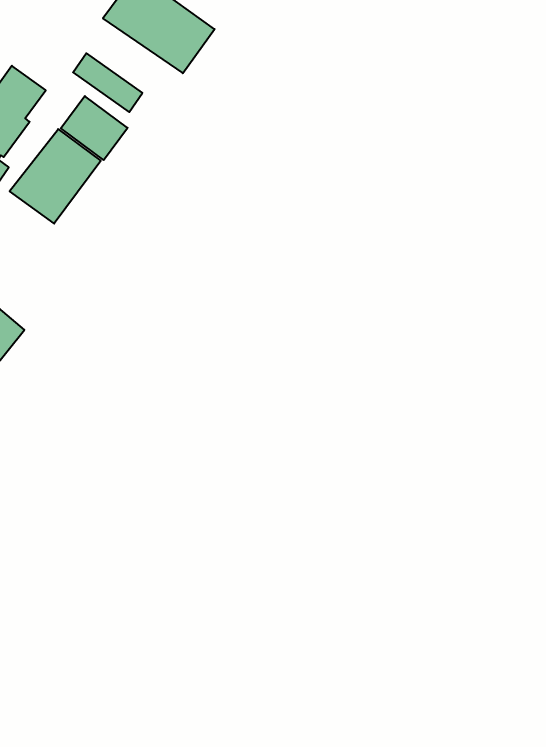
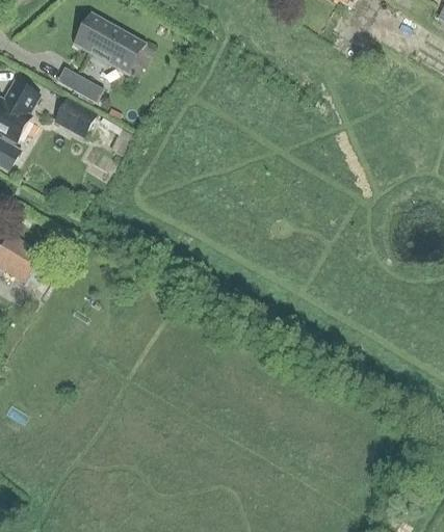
building: [10,129,101,224] -> none

